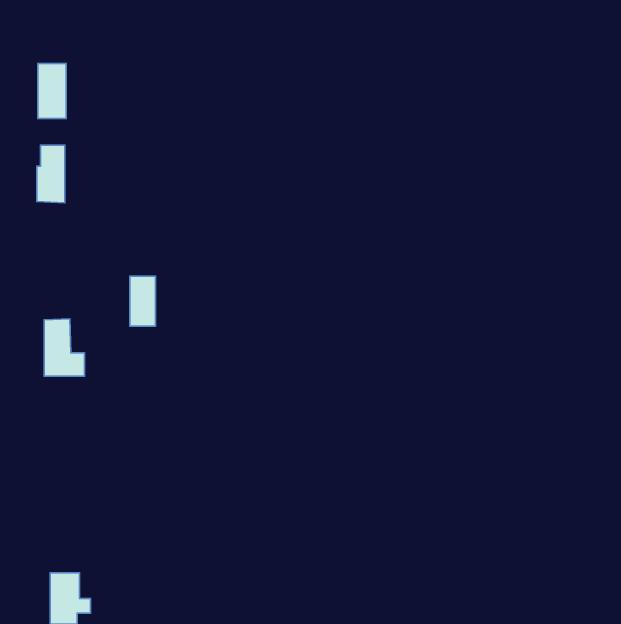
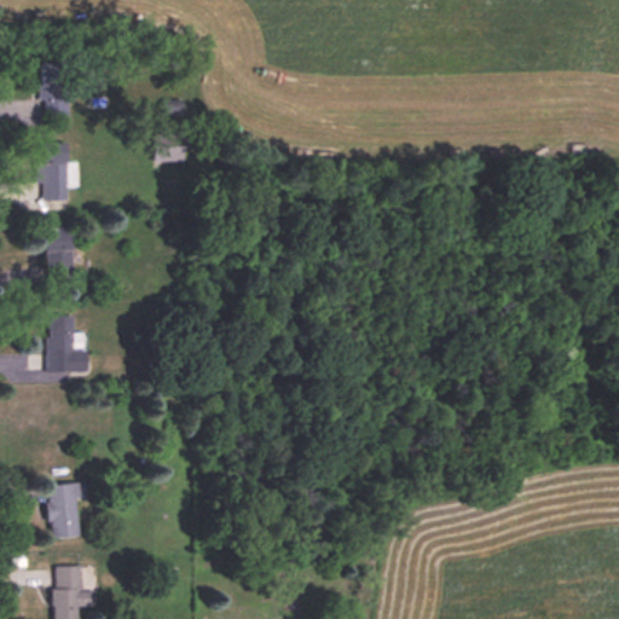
building: none -> [155,139,186,162]
building: [130,276,156,326] -> [47,228,73,278]
building: none -> [48,484,81,538]

